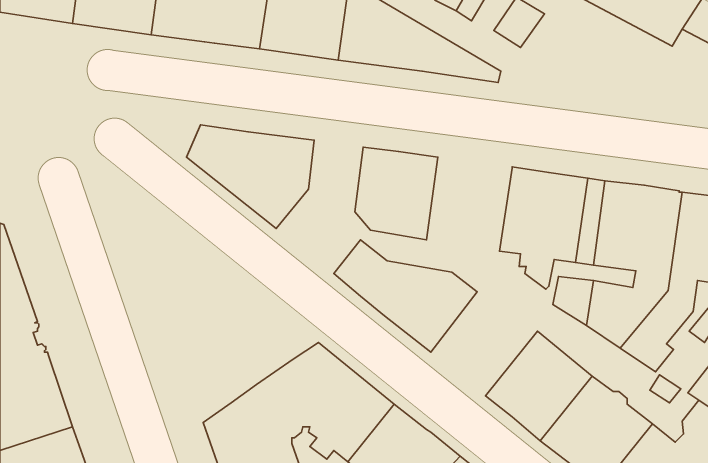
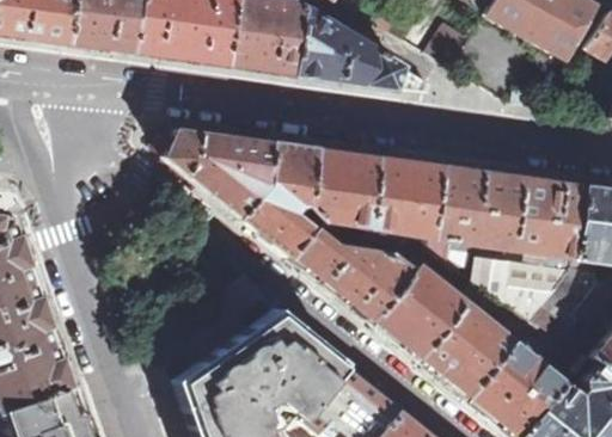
building: none -> [241,142,316,256]
building: none -> [369,156,442,236]
building: none -> [373,266,464,359]

